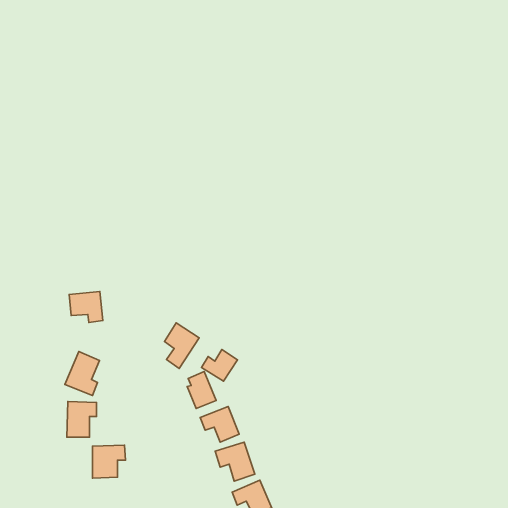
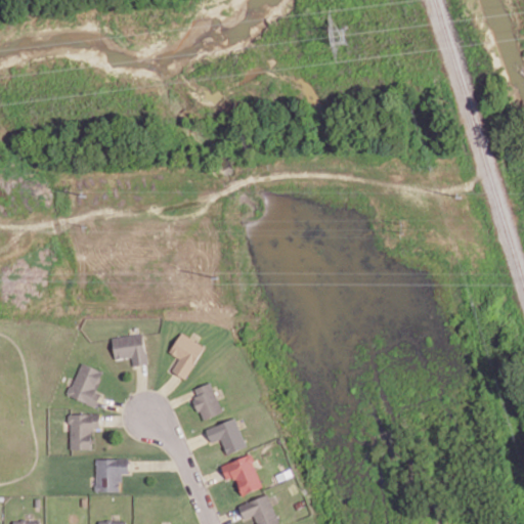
building: [69,292,103,322] -> [112,335,146,366]
building: [201,349,238,381] -> none

